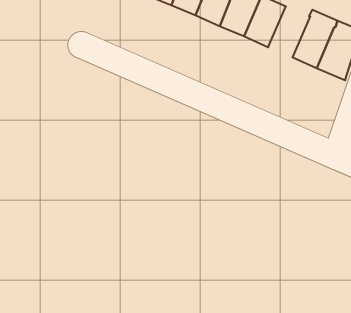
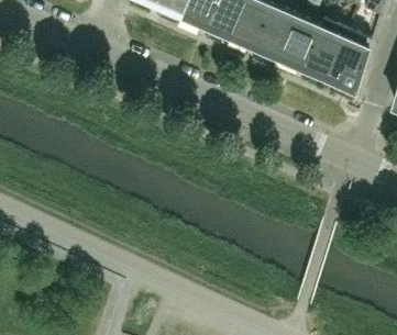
building: none -> [278,18,320,68]

